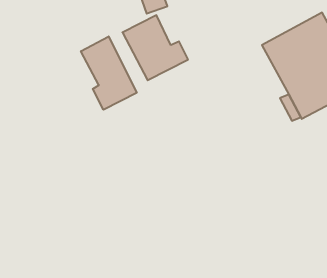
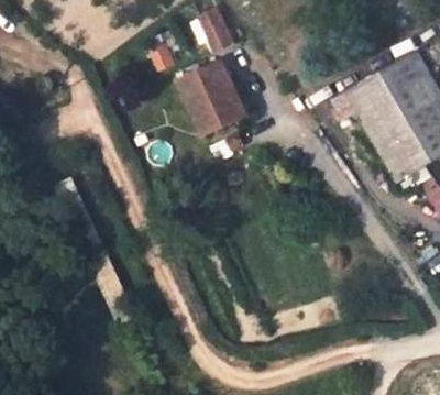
building: [81,36,137,110] -> none

